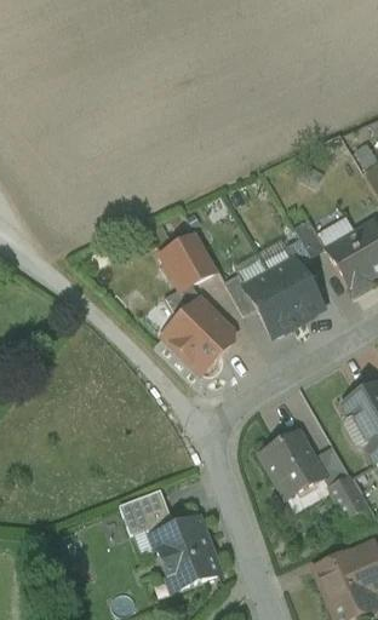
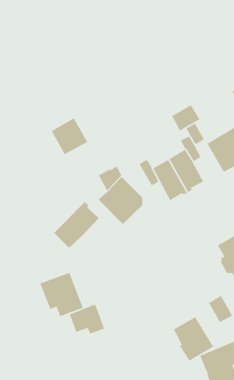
building: none -> [171,104,200,131]
building: [161,231,217,288] -> [51,117,88,155]
building: none -> [53,201,100,249]
building: [263,430,325,498] -> [173,316,214,362]
building: [151,517,218,585] -> [39,272,84,317]

